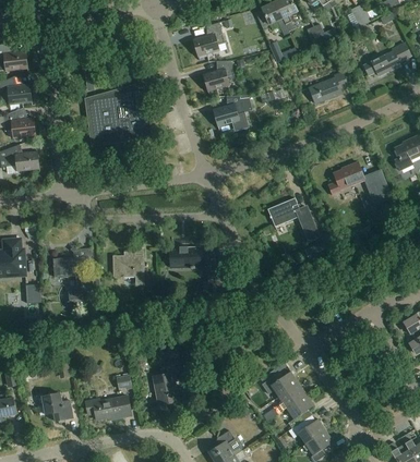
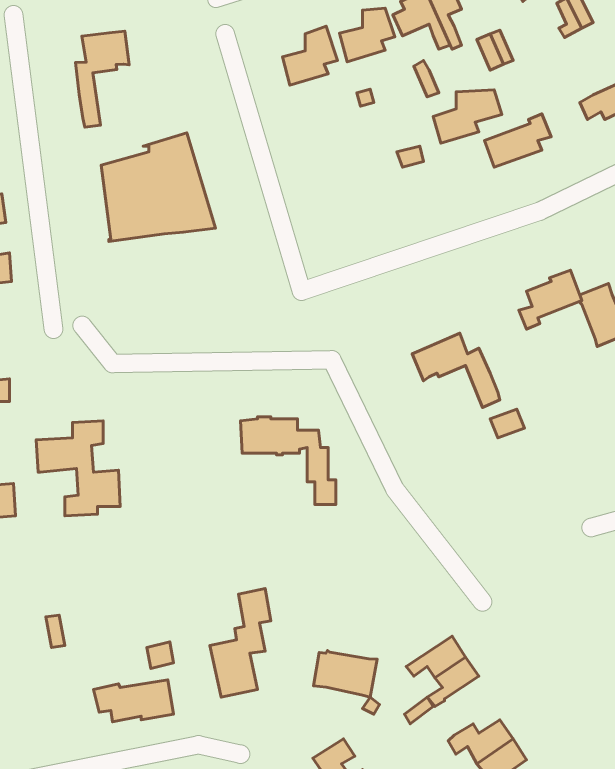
building: none -> [76,31,129,127]
building: [203,60,235,90] -> [339,8,395,62]
building: [213,95,252,125] -> [433,90,502,143]
building: [112,248,143,284] -> none
building: none -> [313,651,377,697]
building: [38,392,72,423] -> none
building: [286,393,313,427] -> none

